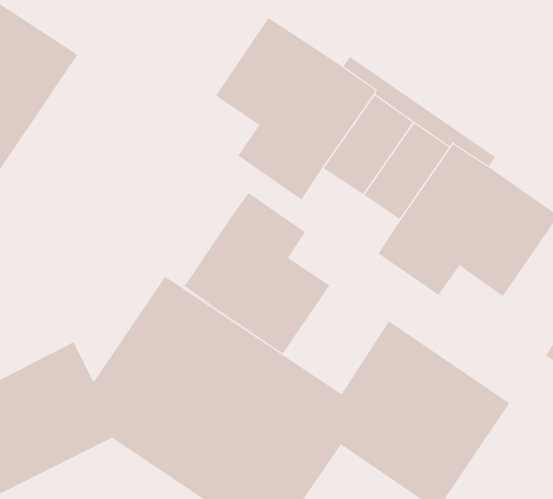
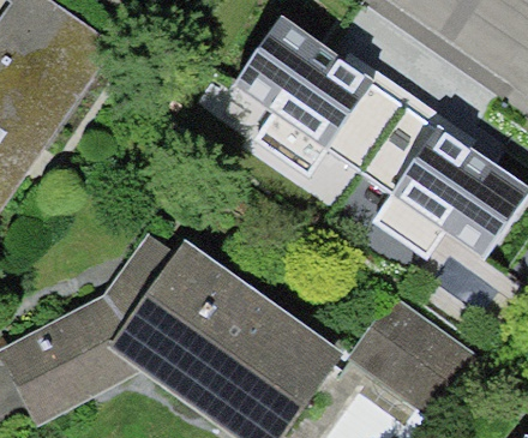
building: [184,192,330,355] -> none

